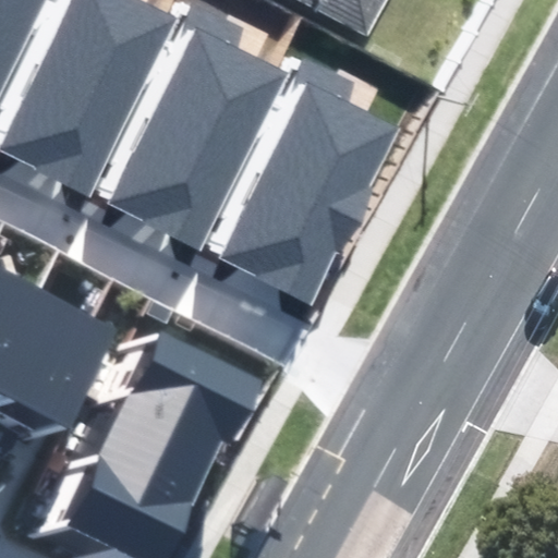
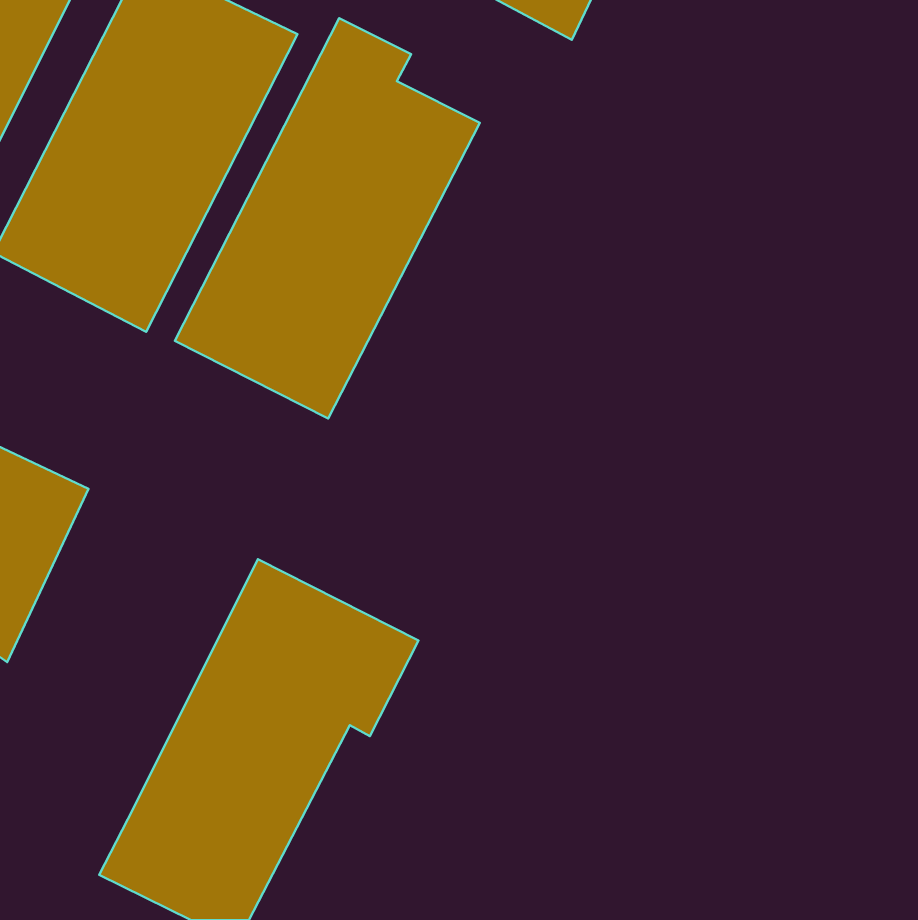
building: [218,64,402,307] -> none
building: [4,295,112,427] -> none

